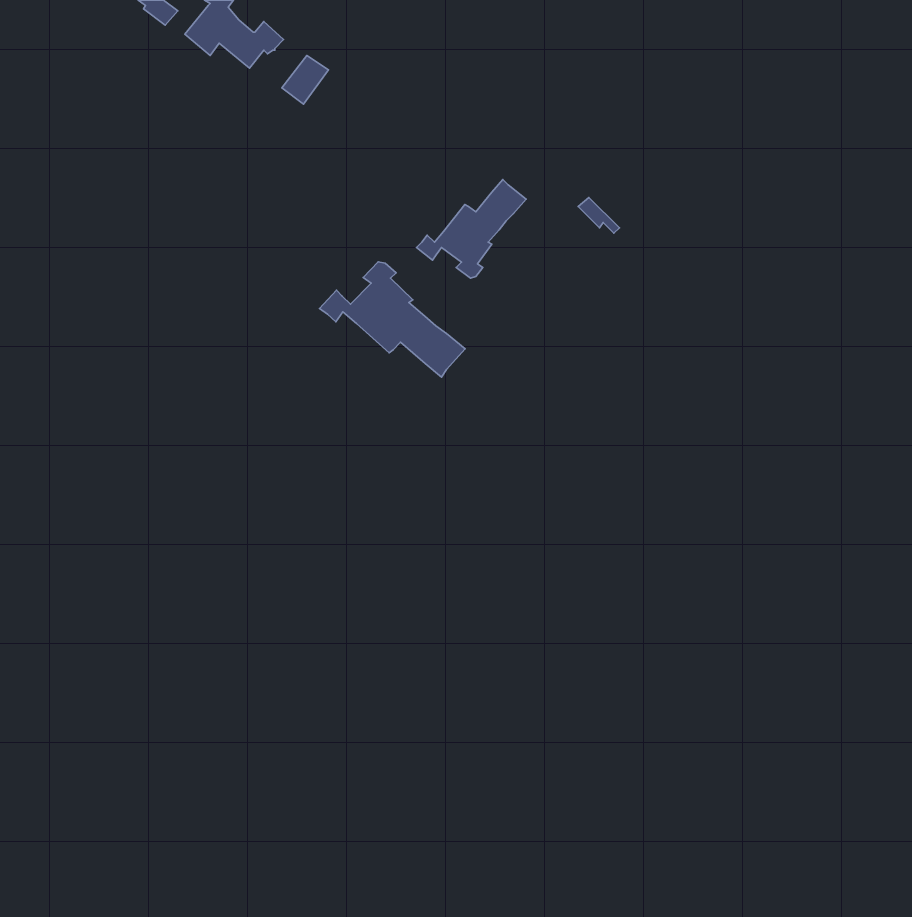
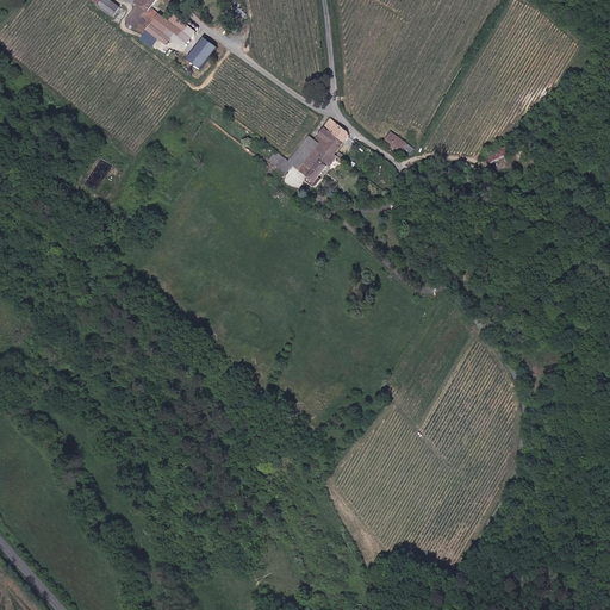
building: [320,262,465,377] -> none

